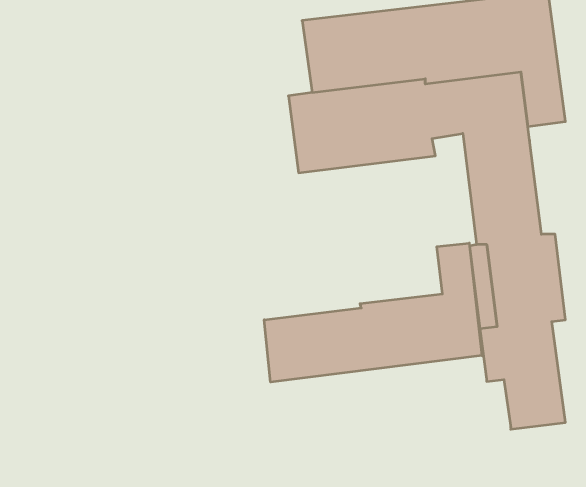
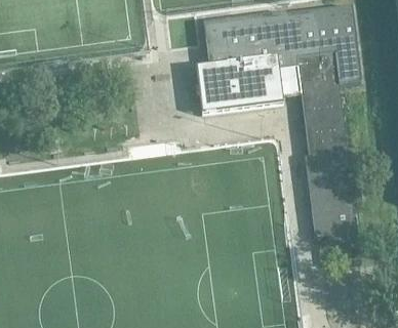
building: [264,243,482,382] -> none

